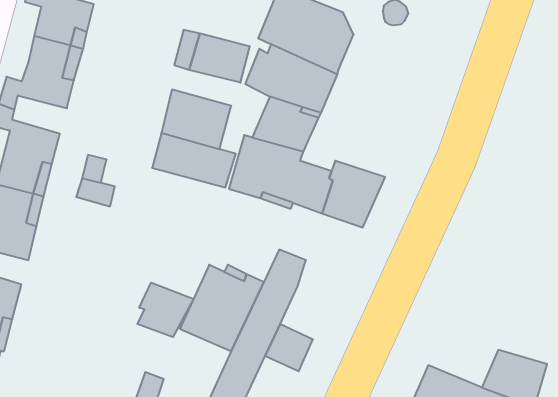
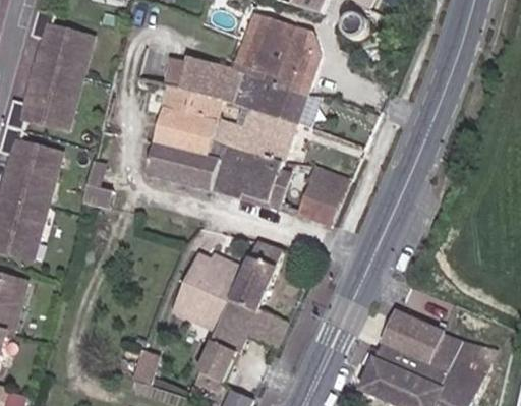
building: none -> [160,86,217,121]
building: [137,283,194,337] -> none
building: none -> [384,313,445,366]

